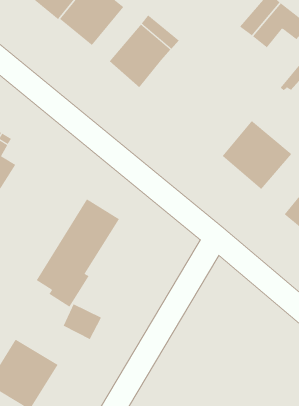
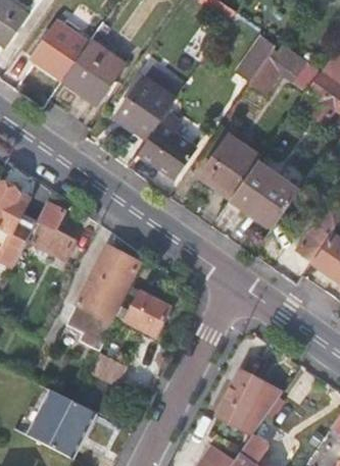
building: none -> [137,110,194,176]
building: none -> [198,132,260,197]
building: none -> [30,201,72,260]
building: none -> [116,294,167,334]
building: none -> [223,370,287,430]

